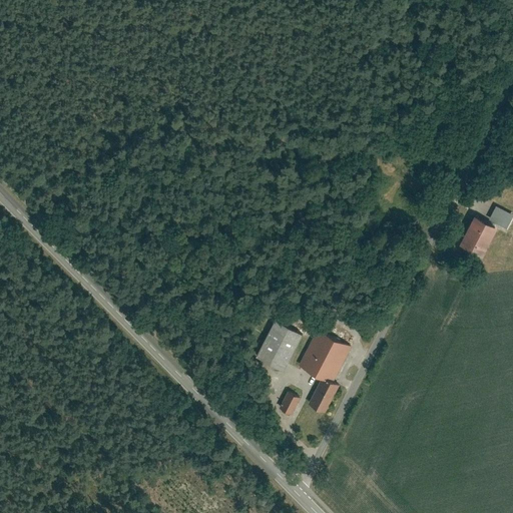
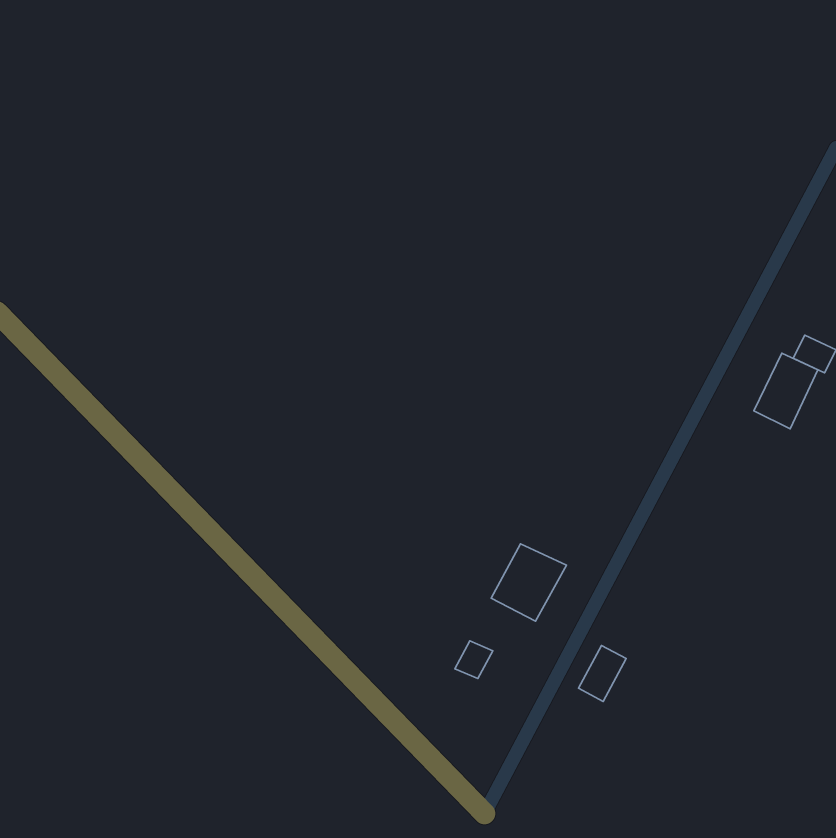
building: [259,324,298,370] -> none
building: [306,379,335,413] -> [578,646,626,701]

